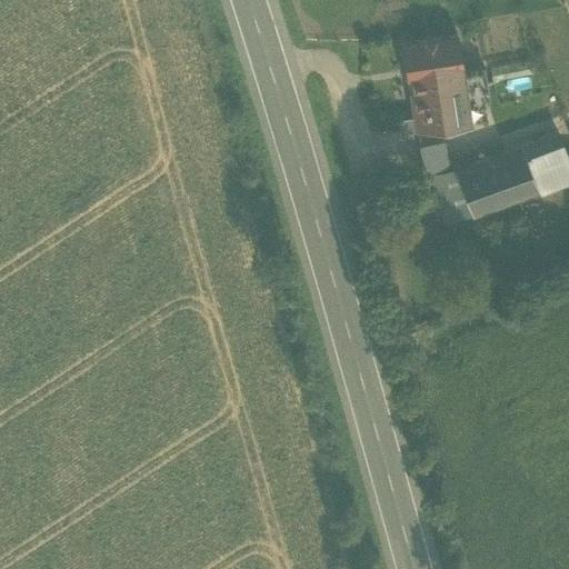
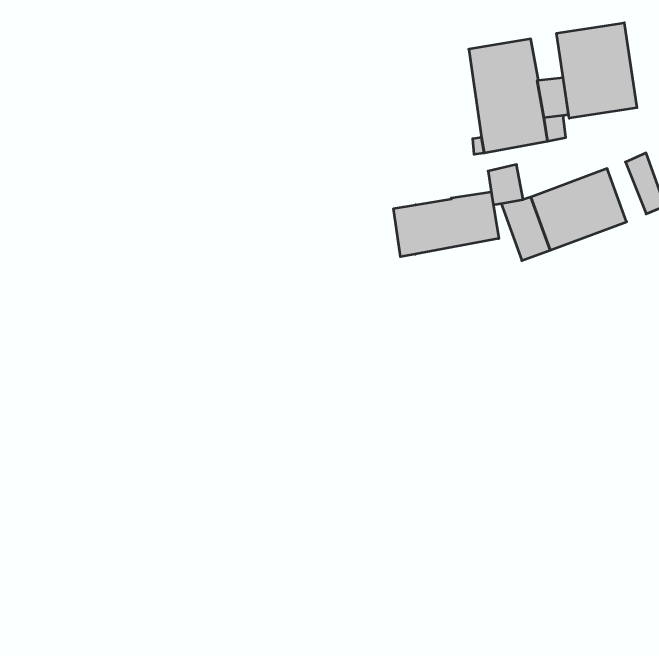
building: none -> [557,23,637,118]
building: [523,144,557,196] -> none
building: none -> [394,192,499,257]

